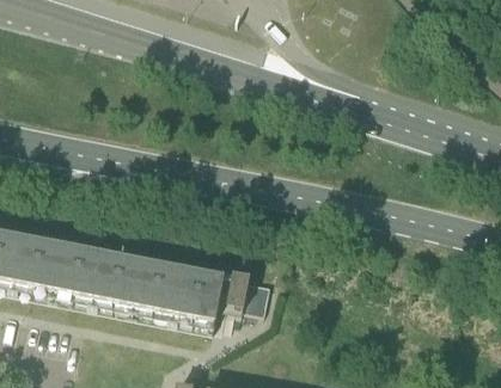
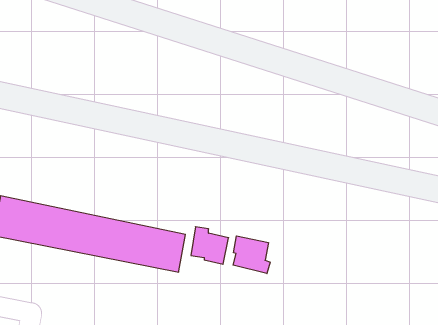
building: none -> [233,236,270,274]

